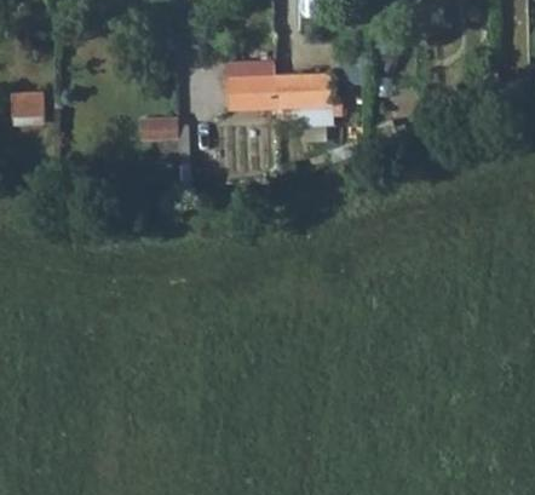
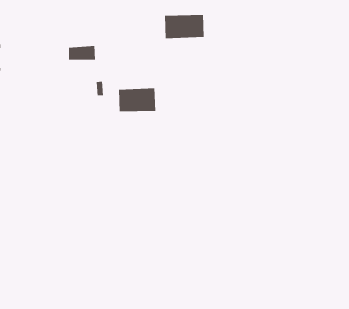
building: [223,73,276,107] -> [118,88,156,112]

